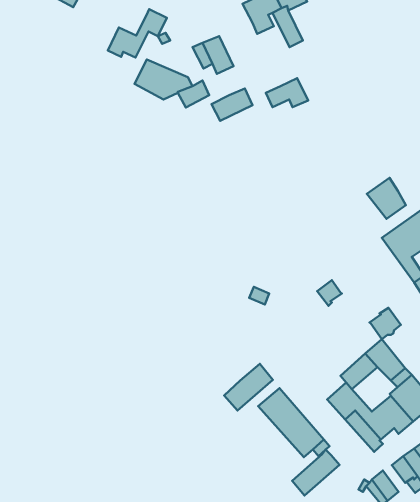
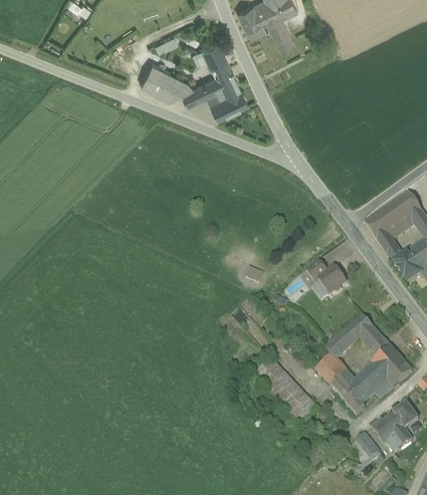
building: [108,9,167,58] -> none
building: [266,78,308,107] -> [202,66,240,92]
building: [367,178,406,219] -> none
building: [370,308,401,339] -> [317,265,346,293]
building: [224,364,273,411] -> none
building: [292,450,340,496] -> none

